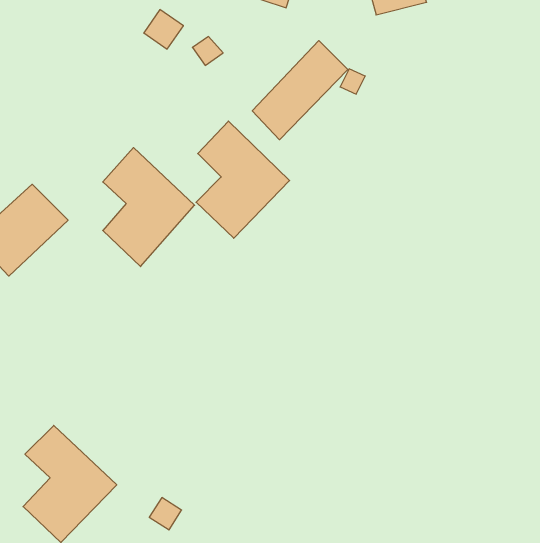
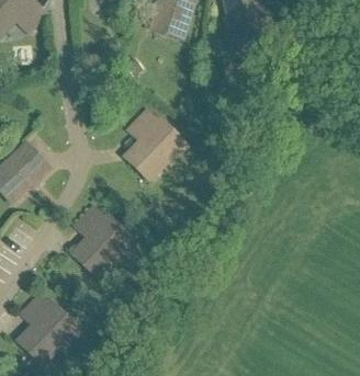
building: [252,41,348,140] -> none
building: [103,148,195,267] -> [74,202,130,274]

